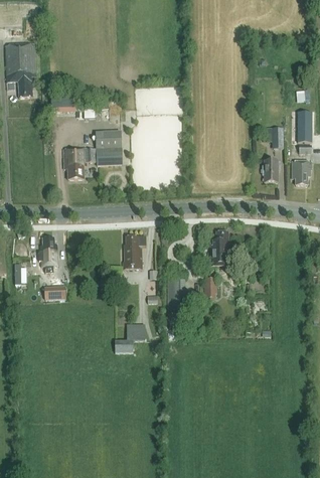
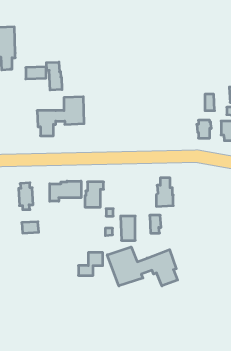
building: none -> [46,62,62,90]
building: none -> [50,181,81,201]
building: none -> [107,247,178,286]

